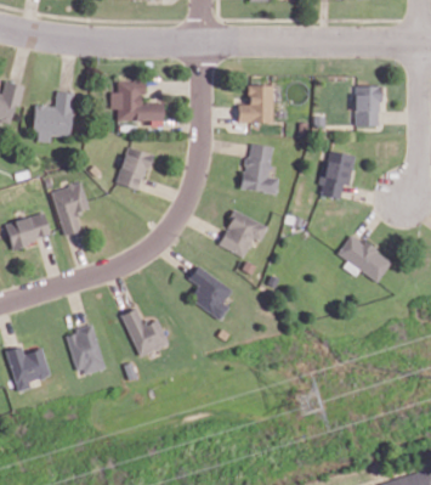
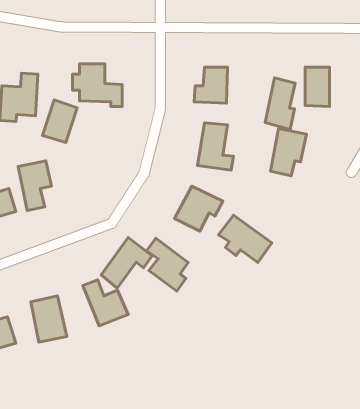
building: none -> [265,78,295,130]
building: [115,146,152,191] -> [43,100,77,143]
building: [336,233,392,283] -> [219,215,272,262]
building: none -> [101,238,152,288]

